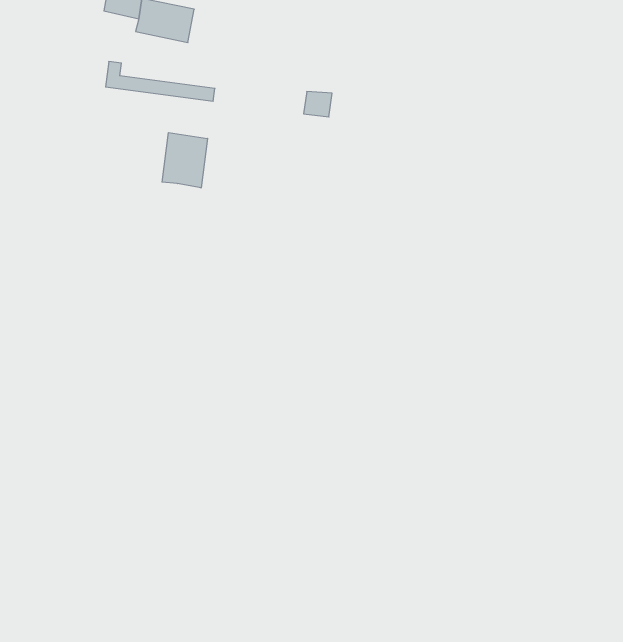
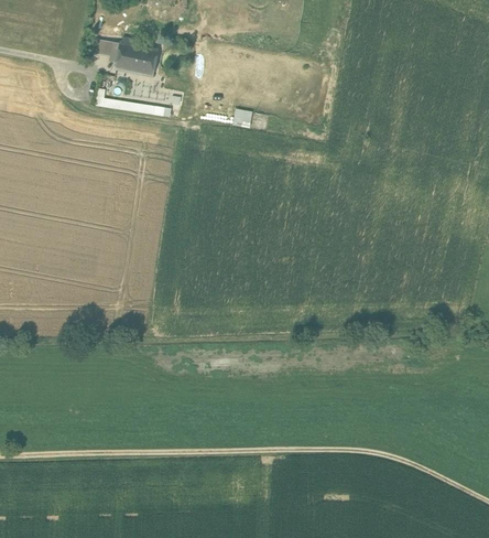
building: [162,133,208,188] -> none

